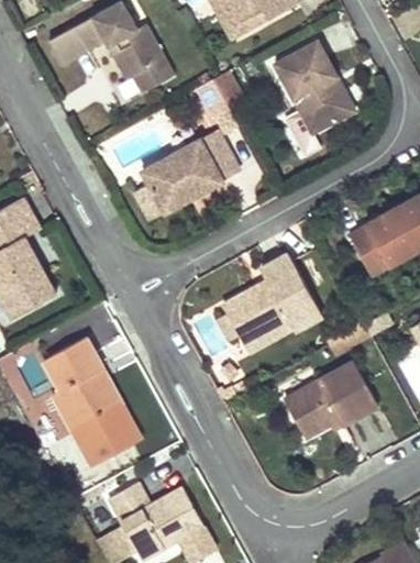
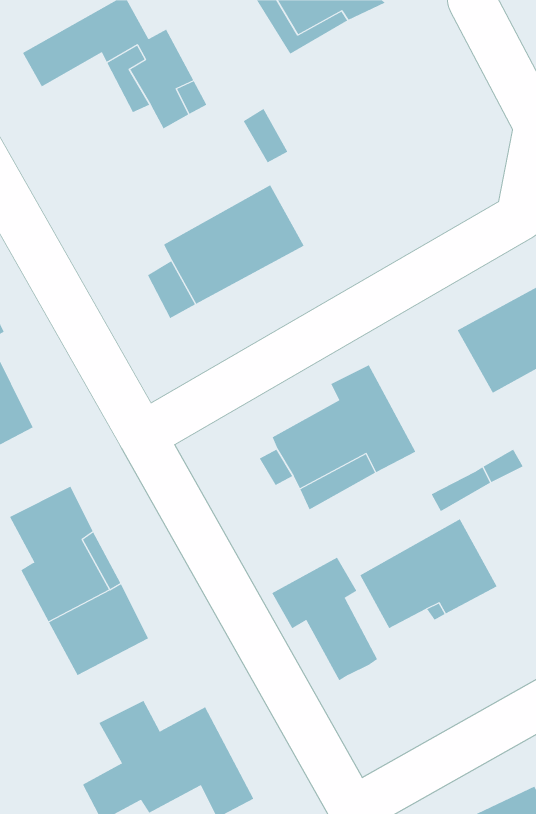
building: [276,43,356,135] -> none
building: none -> [272,557,378,681]

